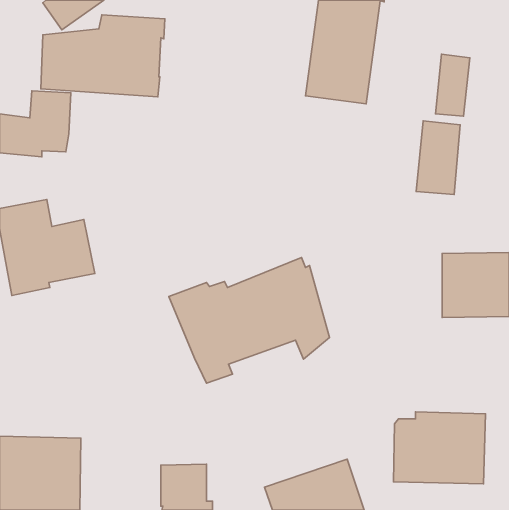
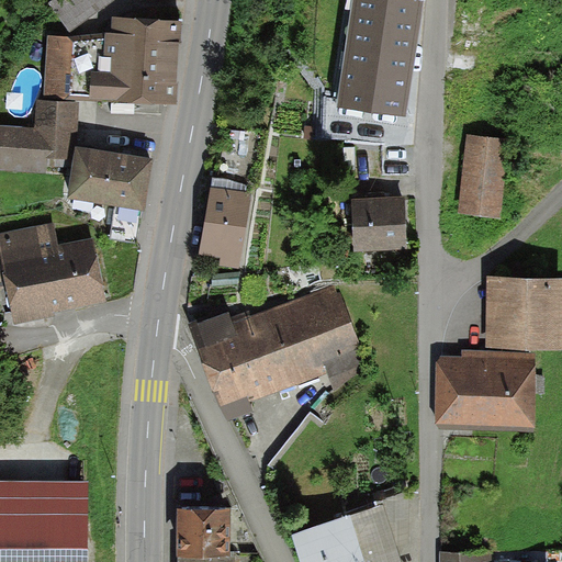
building: [436,54,470,116] -> none
building: none -> [67,147,151,240]
building: none -> [199,189,249,267]
building: none -> [349,195,406,252]
building: [394,412,485,484] -> [435,349,536,428]

